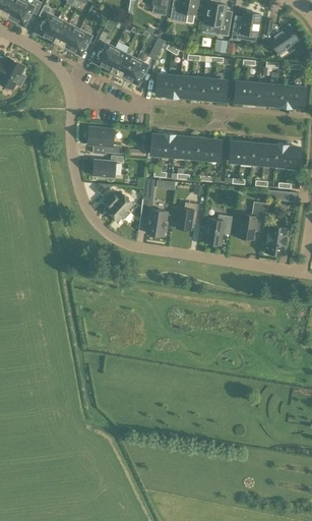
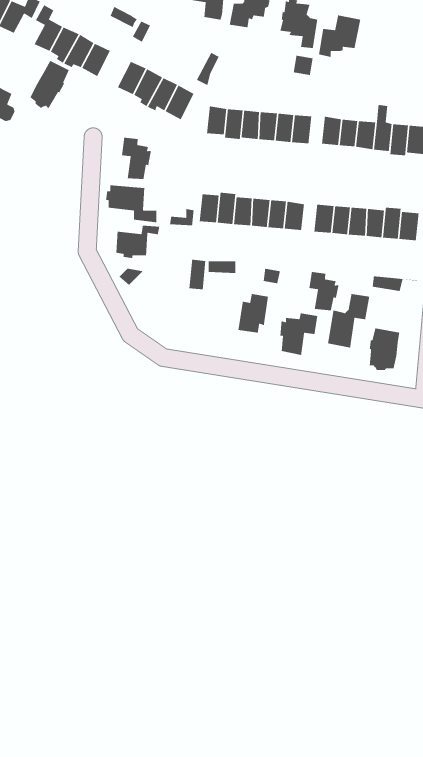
building: [264,18,299,53] -> none
building: none -> [30,60,70,109]
building: none -> [121,137,152,180]
building: none -> [308,271,340,311]
building: [104,191,133,220] -> none
building: [147,209,167,235] -> none

